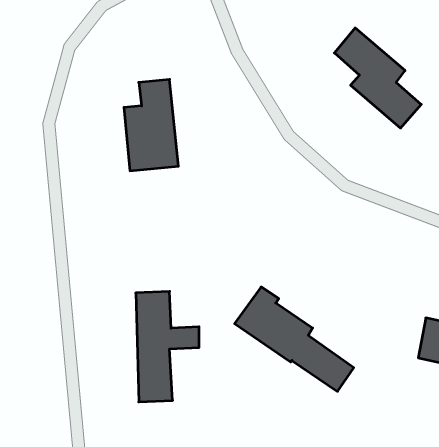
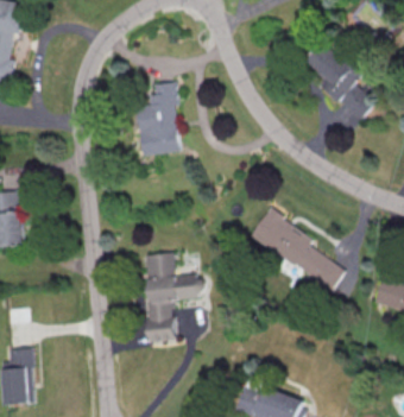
building: [235,287,354,391] -> [246,207,342,291]

